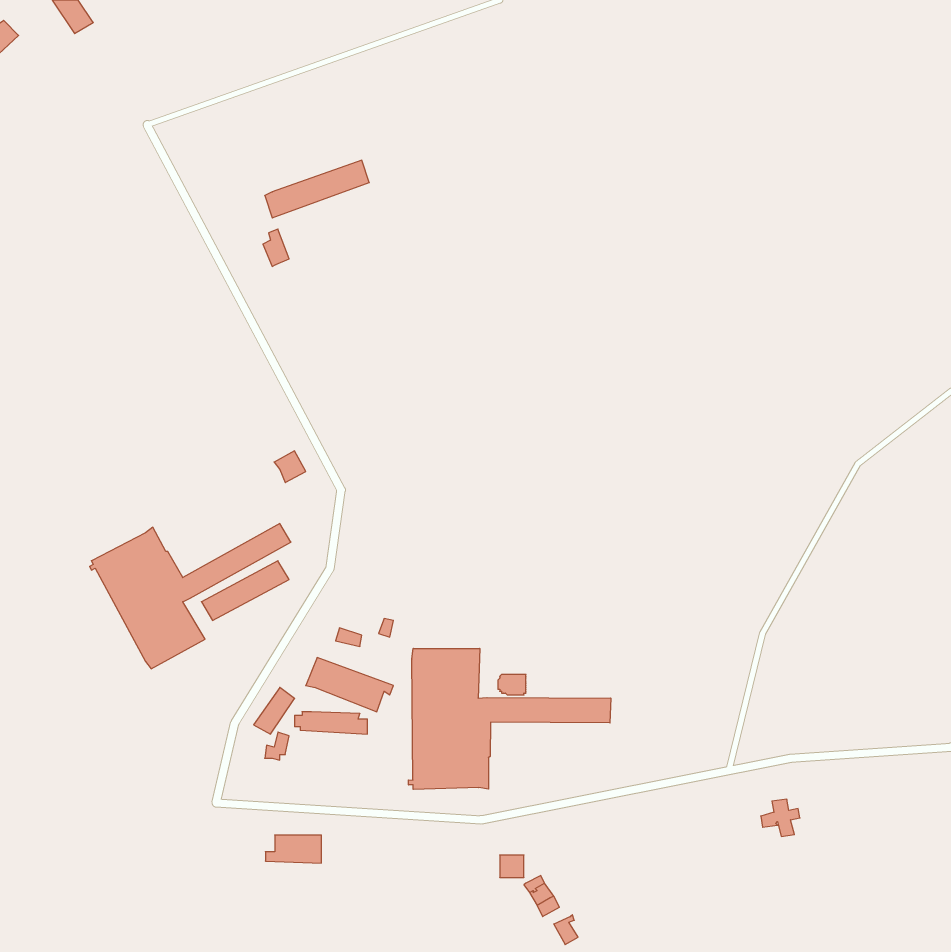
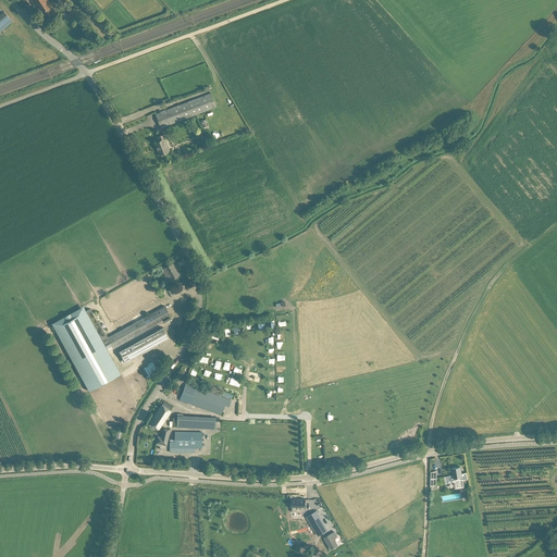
building: [408,648,611,789] -> none
building: [265,835,321,863] -> [169,432,201,448]

